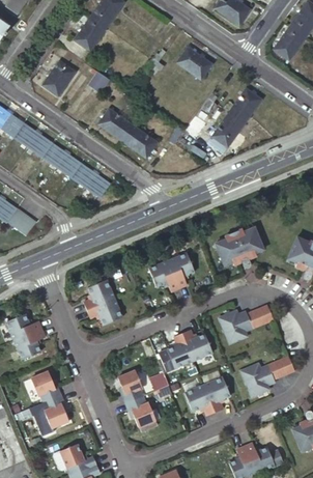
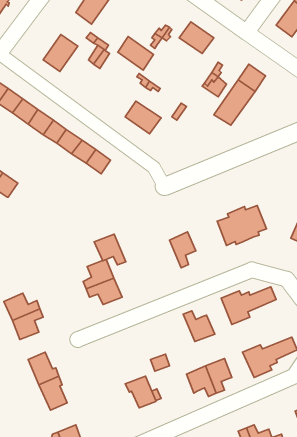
building: [99,107,135,140] -> [118,36,154,70]
building: [9,205,38,232] -> none
building: [148,261,179,291] -> [94,234,126,265]
building: [167,334,193,368] -> none
building: [117,370,144,402] -> none

